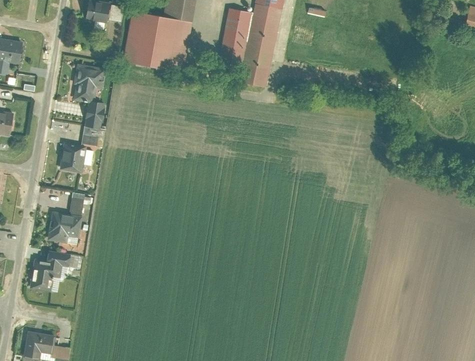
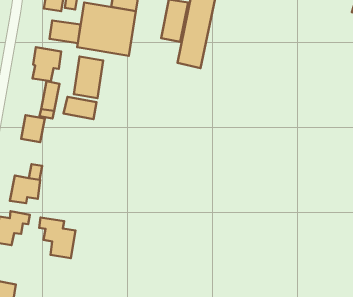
building: none -> [49,20,81,43]
building: none -> [74,56,103,98]
building: none -> [64,97,97,119]
building: none -> [39,218,76,258]

